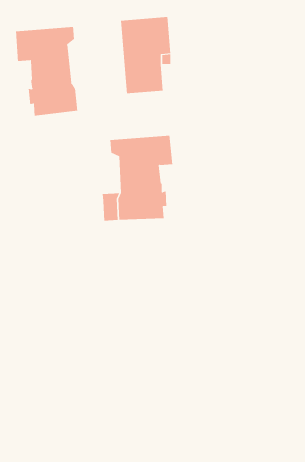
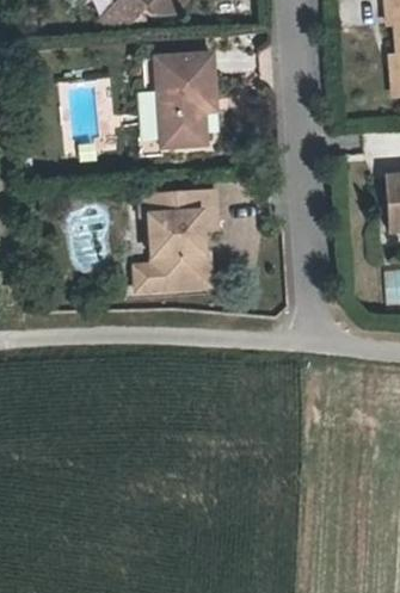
building: [15,26,78,117] -> none

